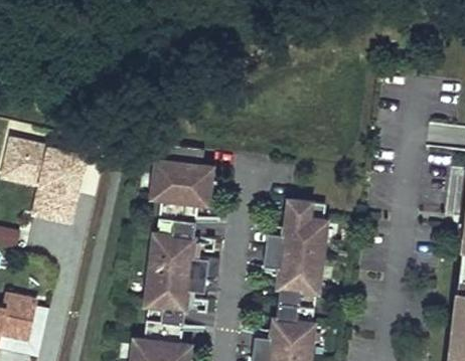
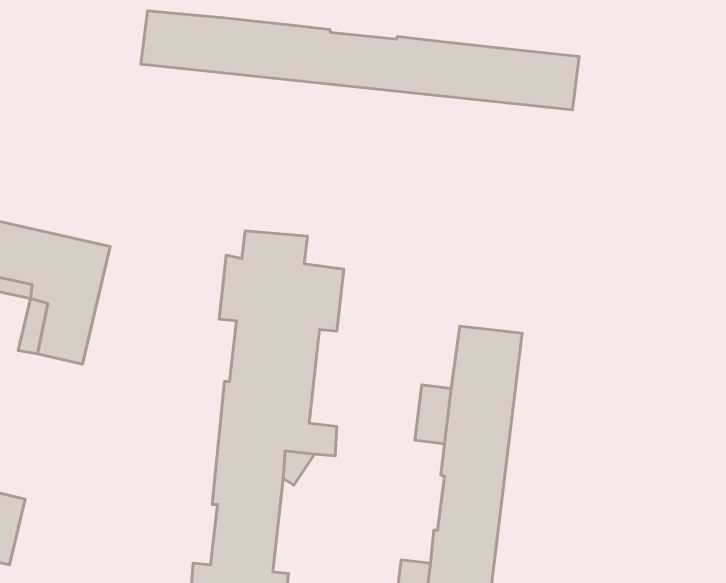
building: none -> [141,11,579,110]

